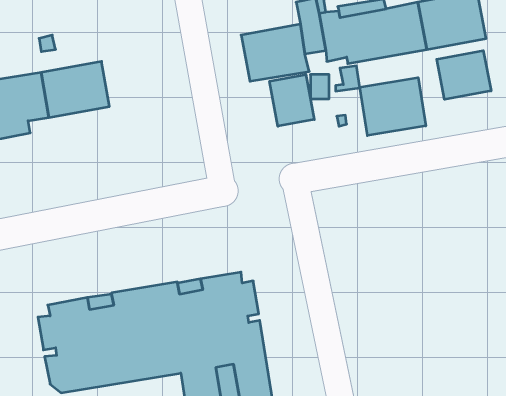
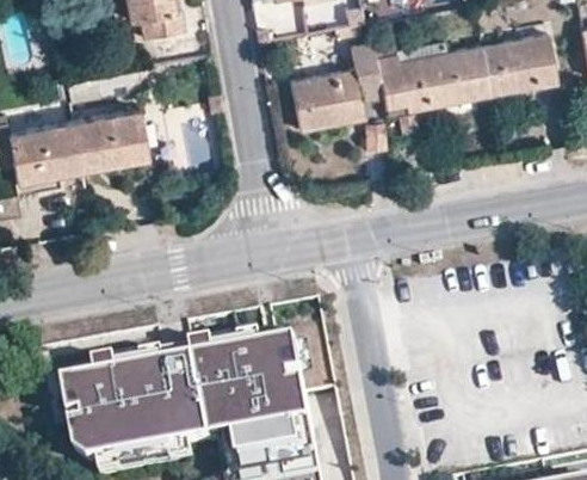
building: [437,51,491,99] -> none
building: [270,75,314,126] -> none
building: [360,78,426,136] -> none

